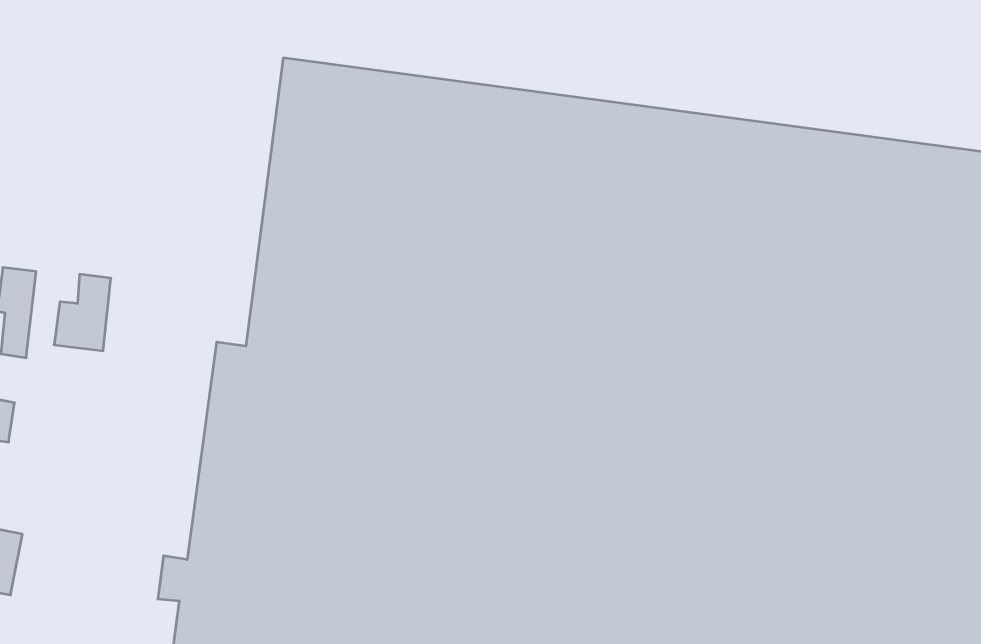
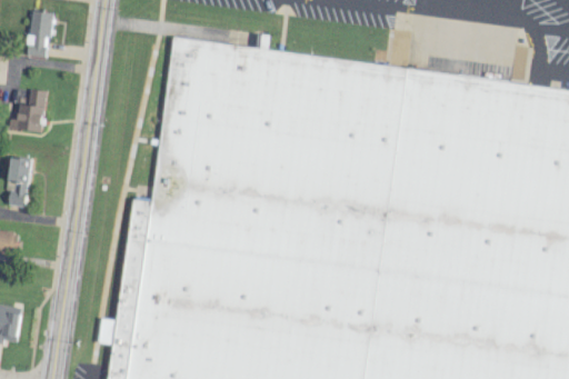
building: none -> [27,11,51,57]
building: [54,274,111,351] -> [16,89,48,132]

